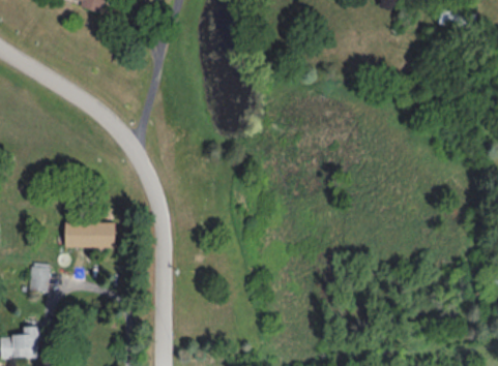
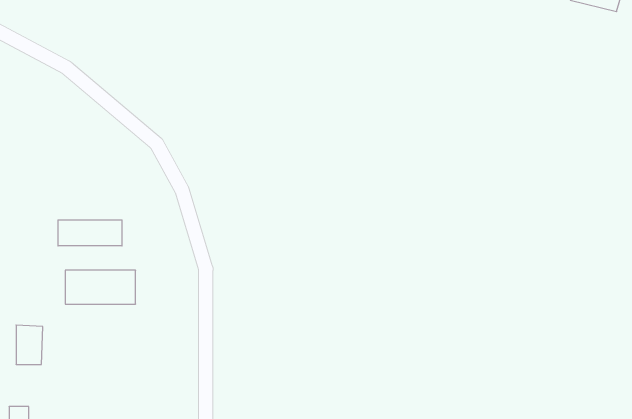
building: none -> [58,220,122,246]

